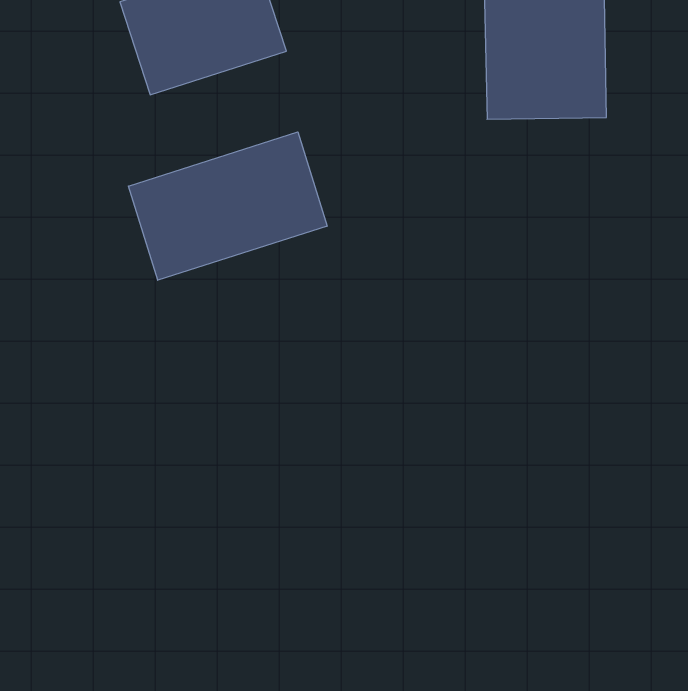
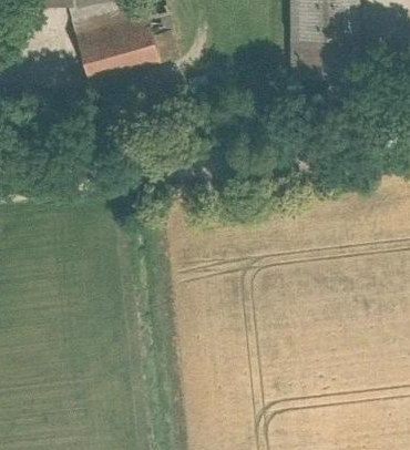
building: [128,132,327,280] -> none

